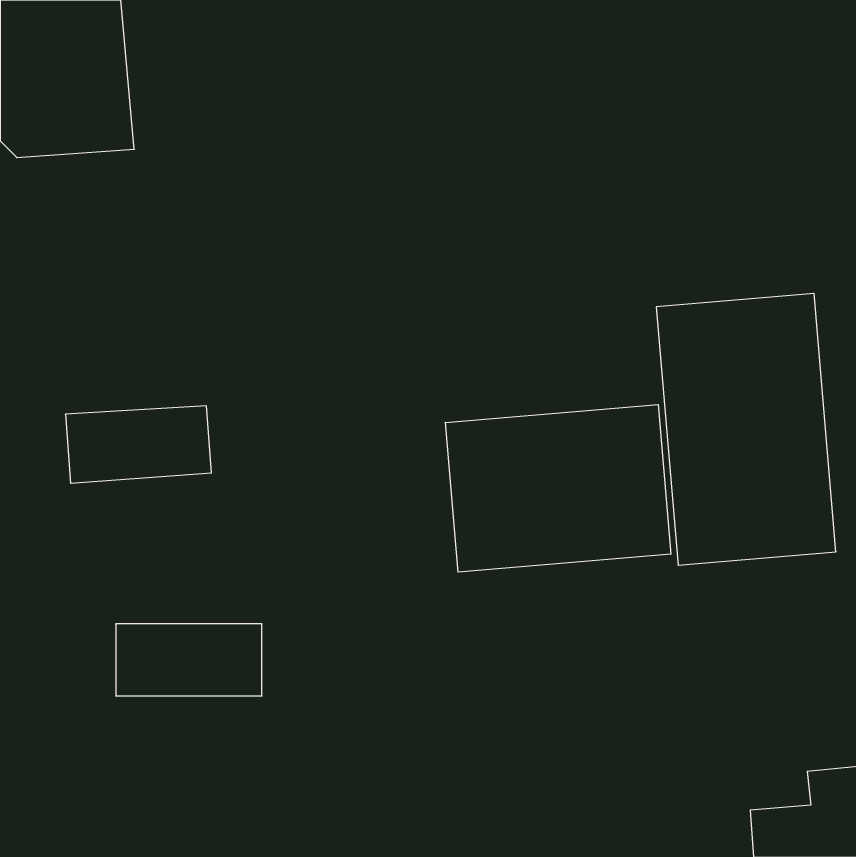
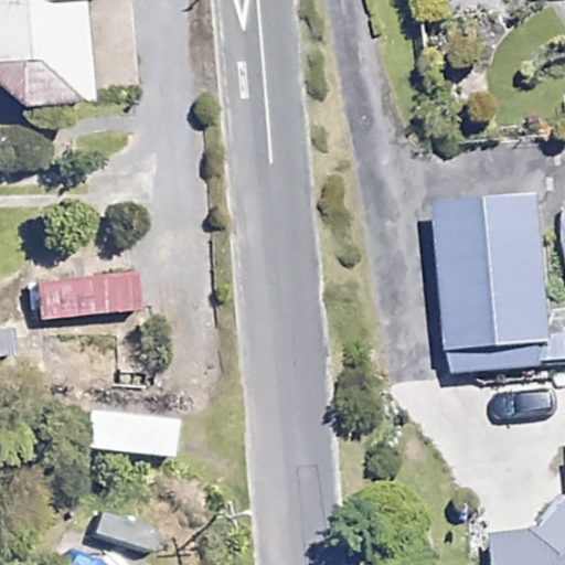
building: [445,405,671,572] -> none

